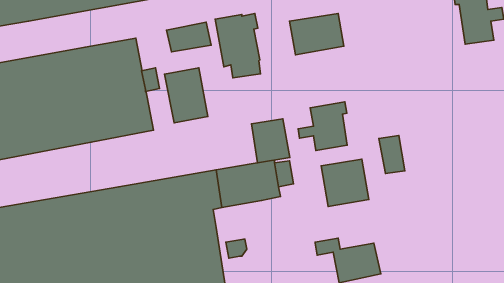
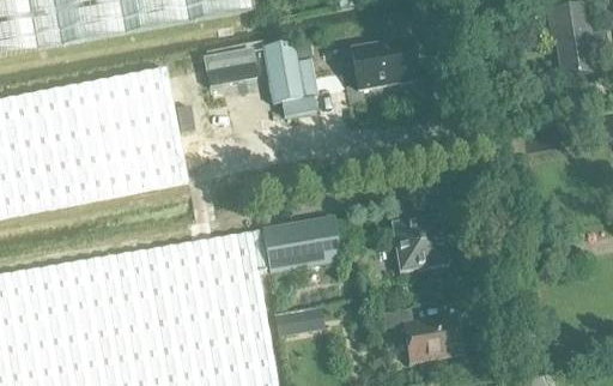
building: [164,68,208,123] -> none
building: [298,102,347,150] -> none
building: [251,119,290,163] -> none
building: [379,136,405,174] -> none

